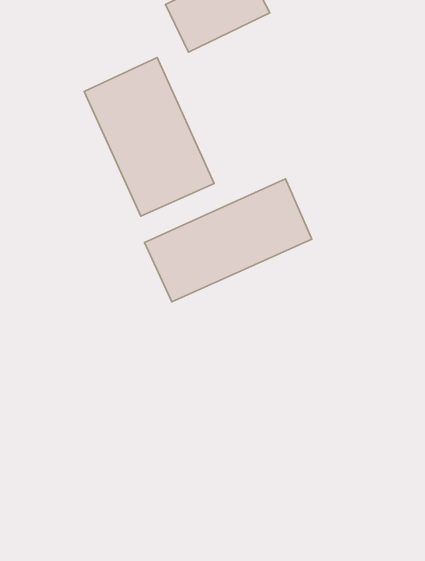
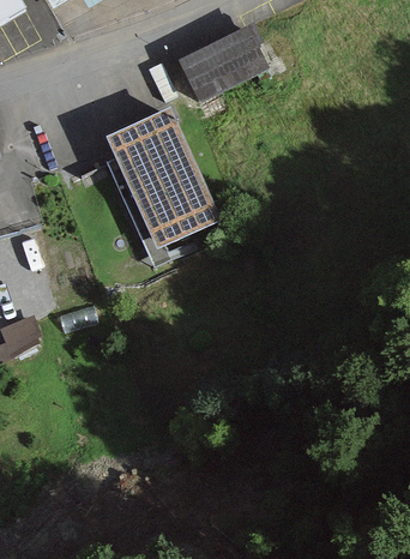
building: [145,179,312,302] -> none

